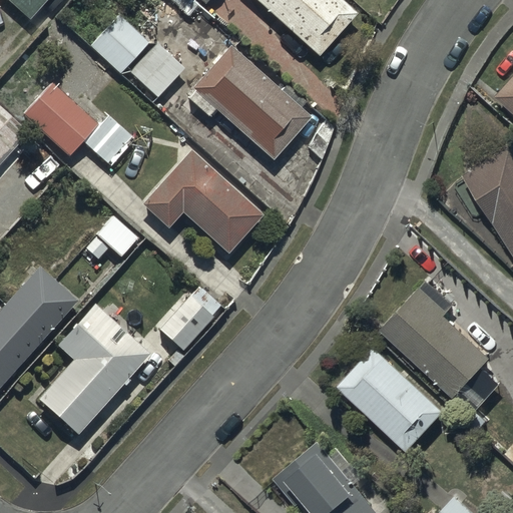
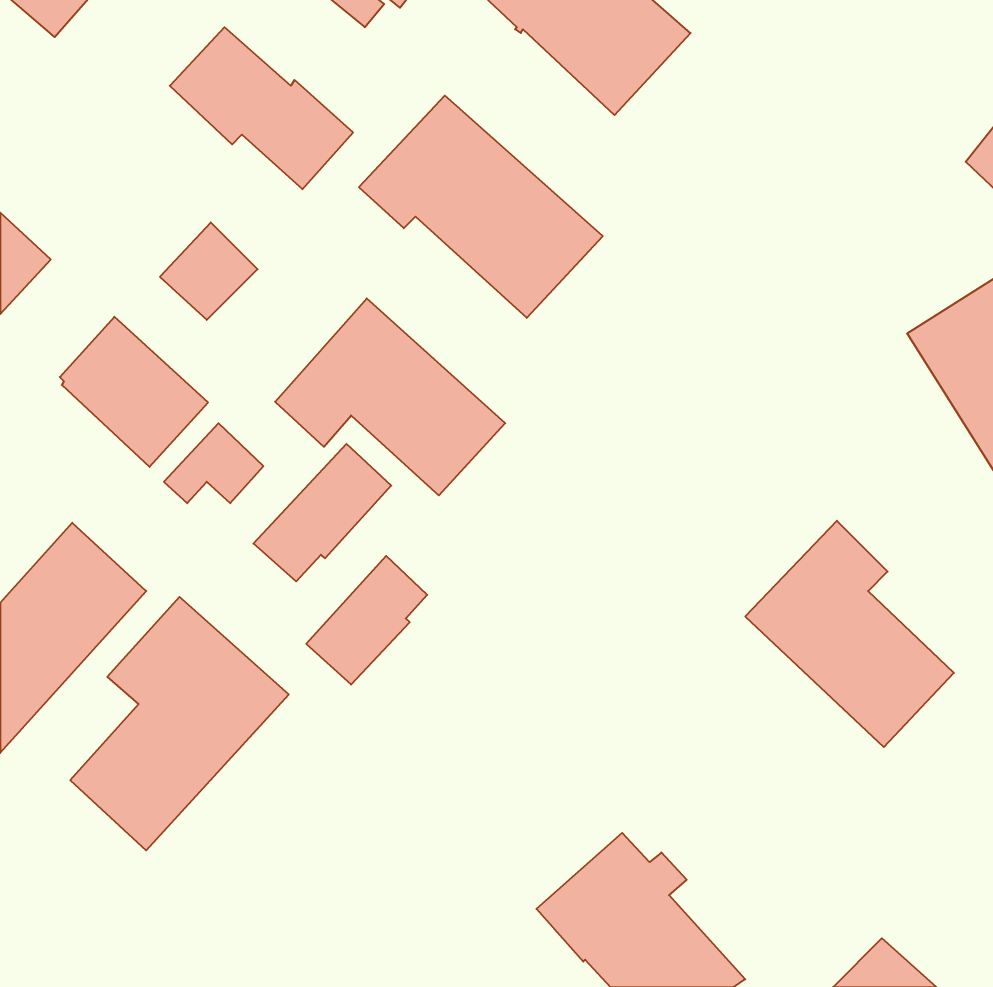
building: [23,79,99,156] -> [60,317,208,467]
building: none -> [253,444,391,581]
building: [341,334,448,439] -> none

